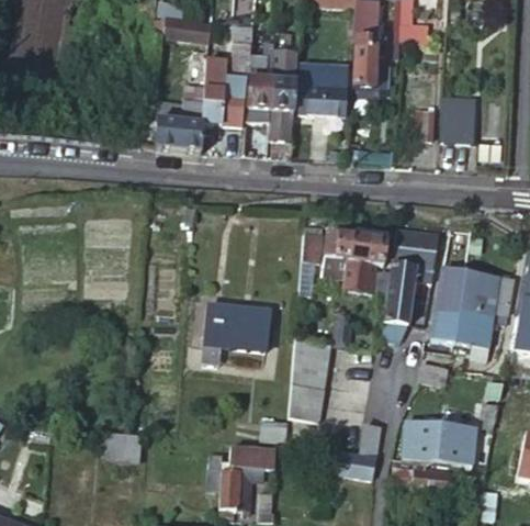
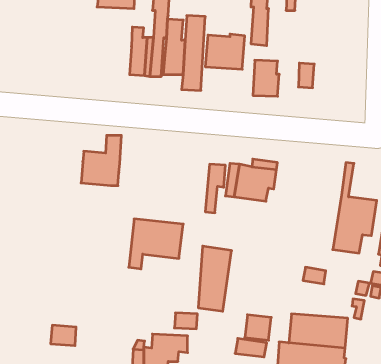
building: [156,87,206,149] -> [81,135,121,186]
building: [441,96,474,141] -> [253,60,279,96]
building: [380,231,438,342] -> none
building: [432,268,469,351] -> none

